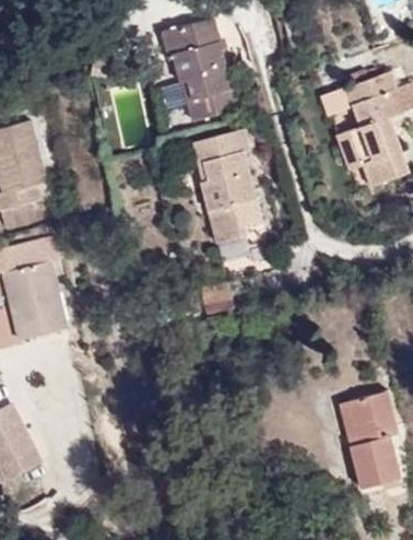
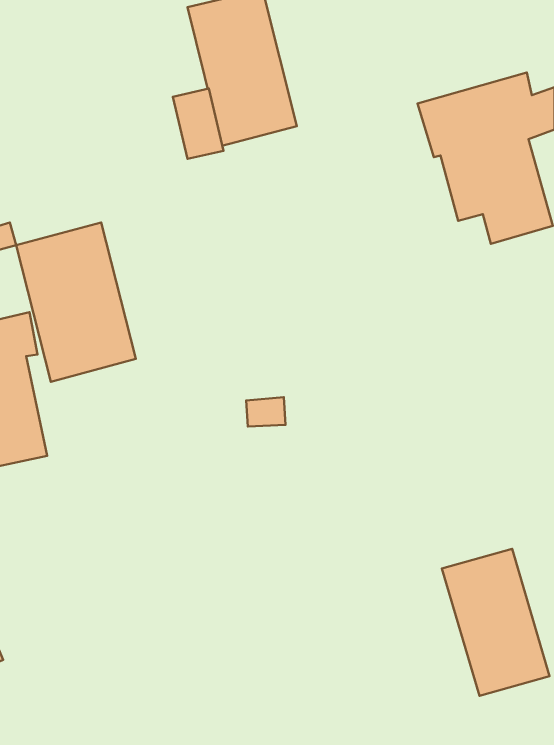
building: [190,129,271,280] -> none
building: none -> [16,223,136,382]

